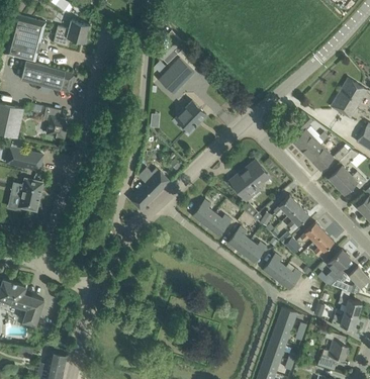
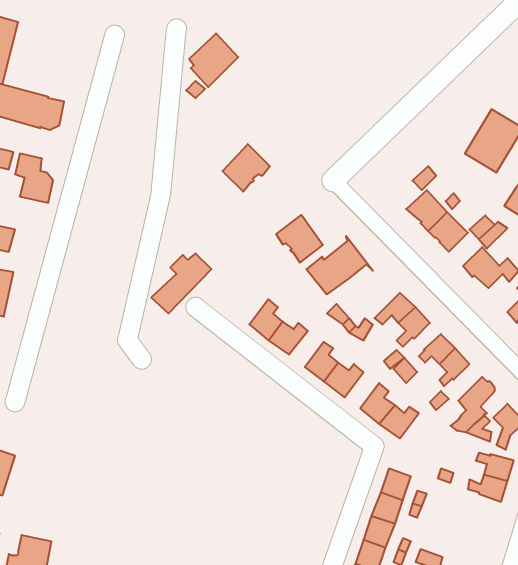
building: [54,20,90,46] -> none
building: [159,59,194,94] -> none
building: none -> [276,215,323,263]
building: [320,330,349,365] -> none

